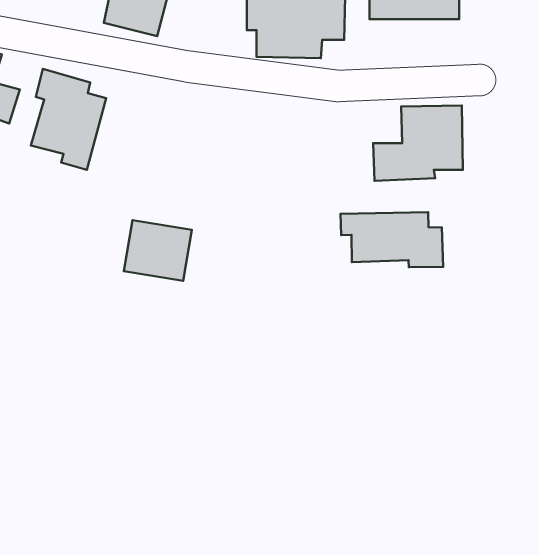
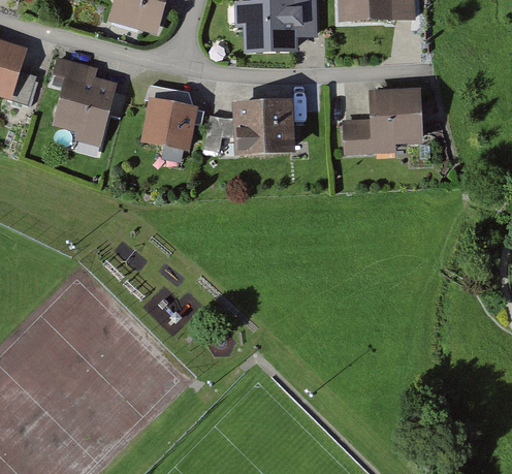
building: none -> [209,101,292,157]
building: [340,212,443,267] -> none
building: [124,220,192,281] -> [139,99,197,151]

